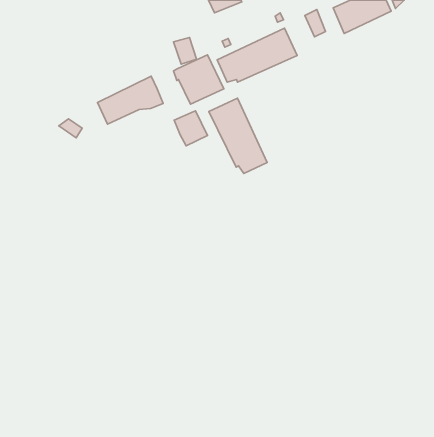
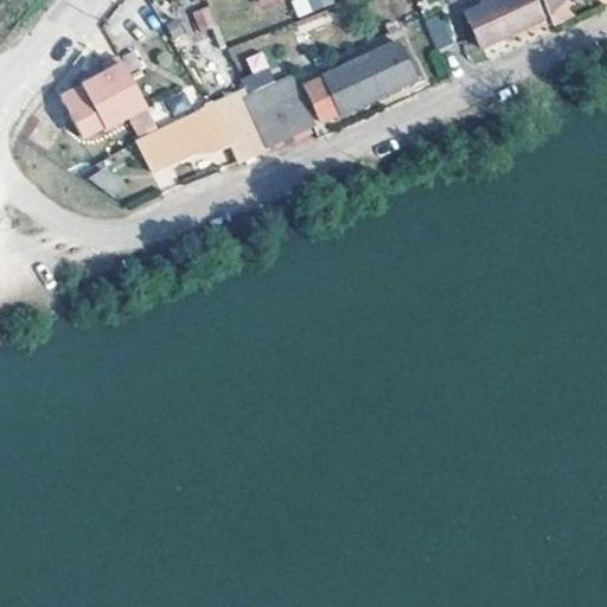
building: none -> [62,53,155,135]
building: [209,98,267,173] -> none
building: [174,111,208,146] -> [222,110,268,159]

